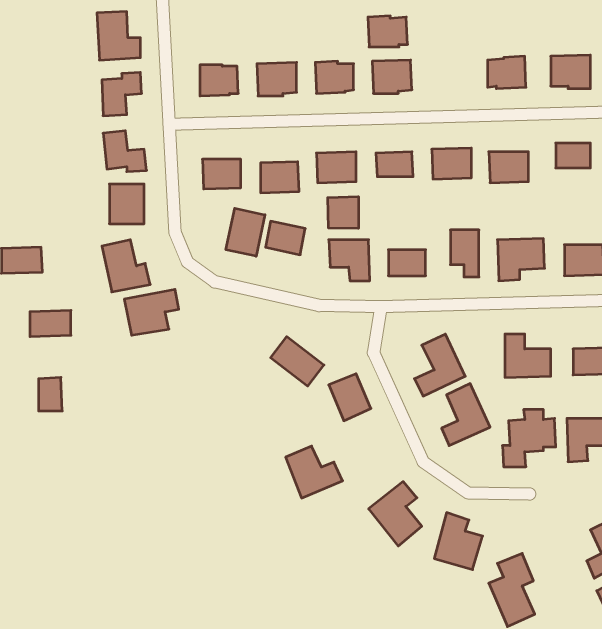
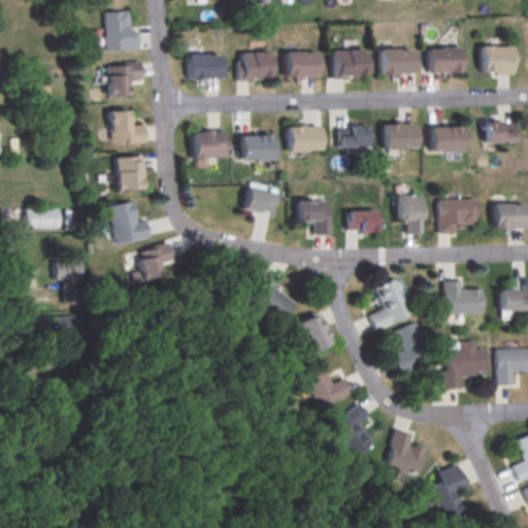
building: [368,16,408,47] -> [382,50,415,75]
building: [328,197,358,228] -> none
building: [226,208,265,256] -> none
building: [286,446,343,498] -> [305,362,353,405]

